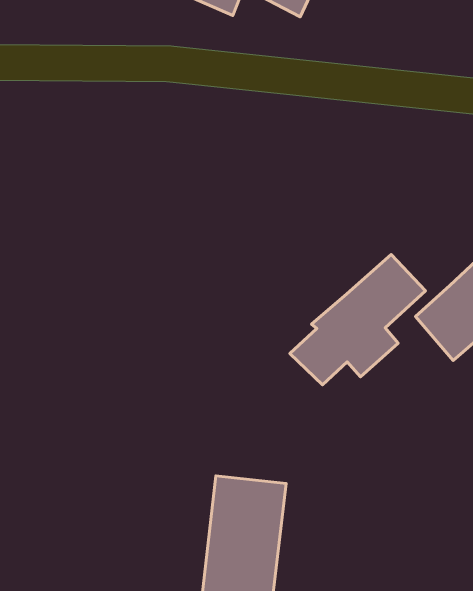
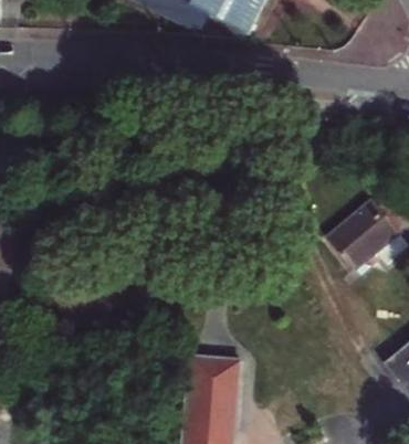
building: [290,255,426,385] -> none

